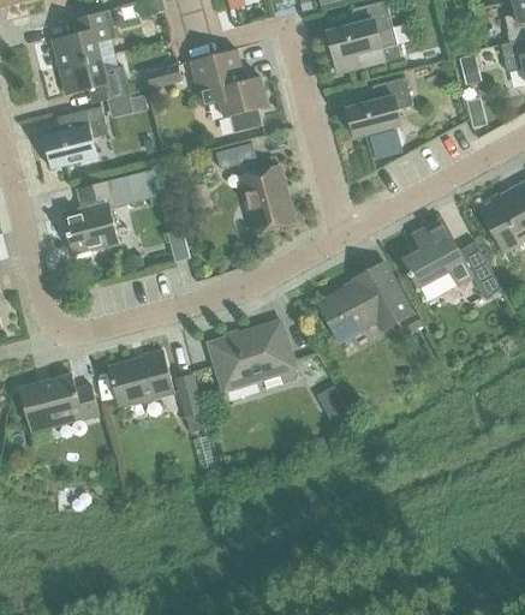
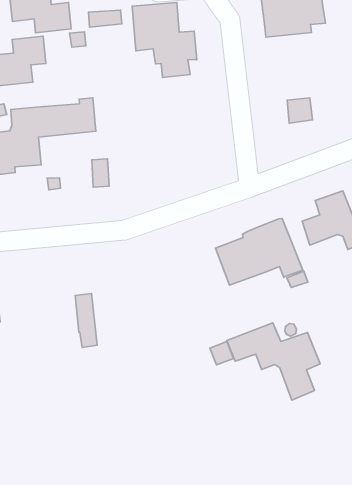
building: [346,77,412,137] -> none
building: [215,143,292,233] -> none
building: [208,321,296,392] -> none
building: [107,350,173,406] -> none
building: none -> [227,323,320,400]

